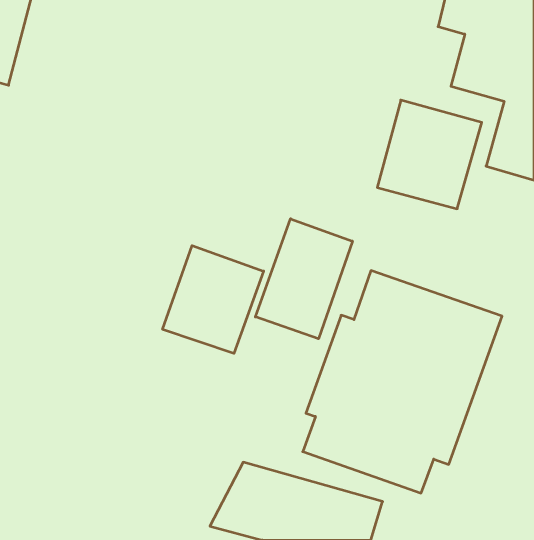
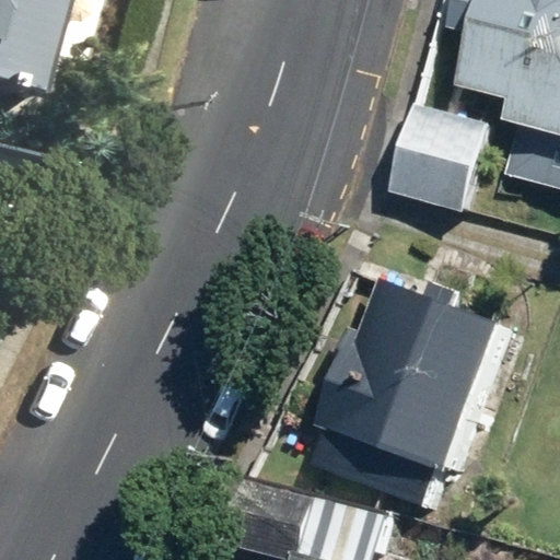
building: [255,219,352,339] -> none
building: [163,246,264,353] -> none

